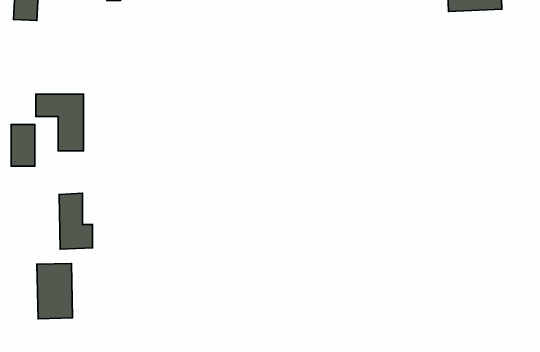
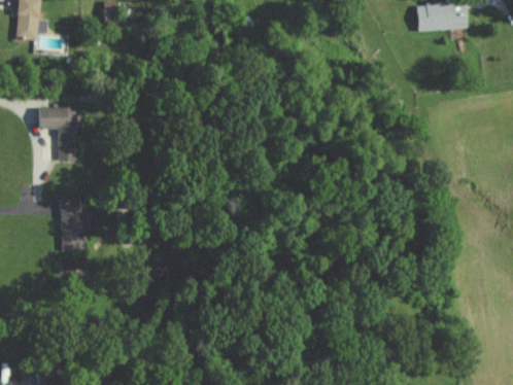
building: [11,124,35,166] -> none
building: [37,264,72,319] -> none

